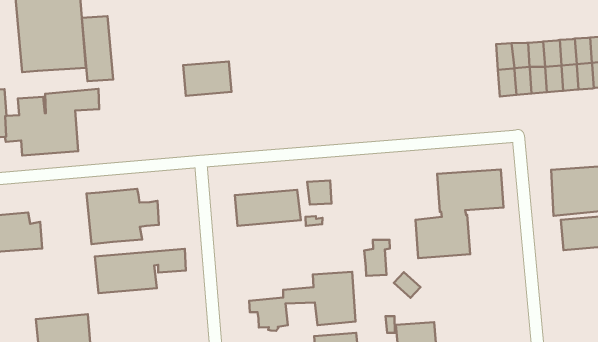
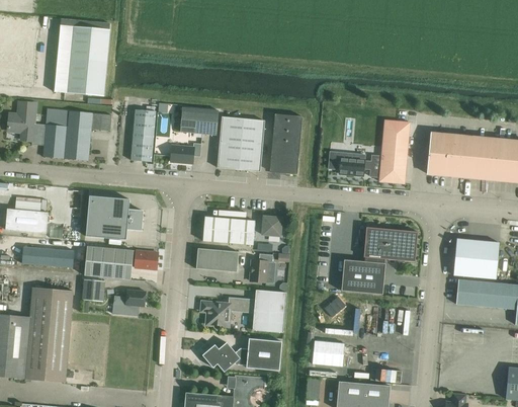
building: [82,16,113,81] -> [131,109,155,162]
building: none -> [328,120,409,183]
building: none -> [269,113,301,174]
building: none -> [217,116,264,171]
building: none -> [170,143,200,163]
building: none -> [195,248,238,272]
building: [364,240,390,276] -> [249,253,272,282]
building: none -> [21,247,73,267]
building: none -> [81,279,104,302]
building: none -> [112,290,145,316]

